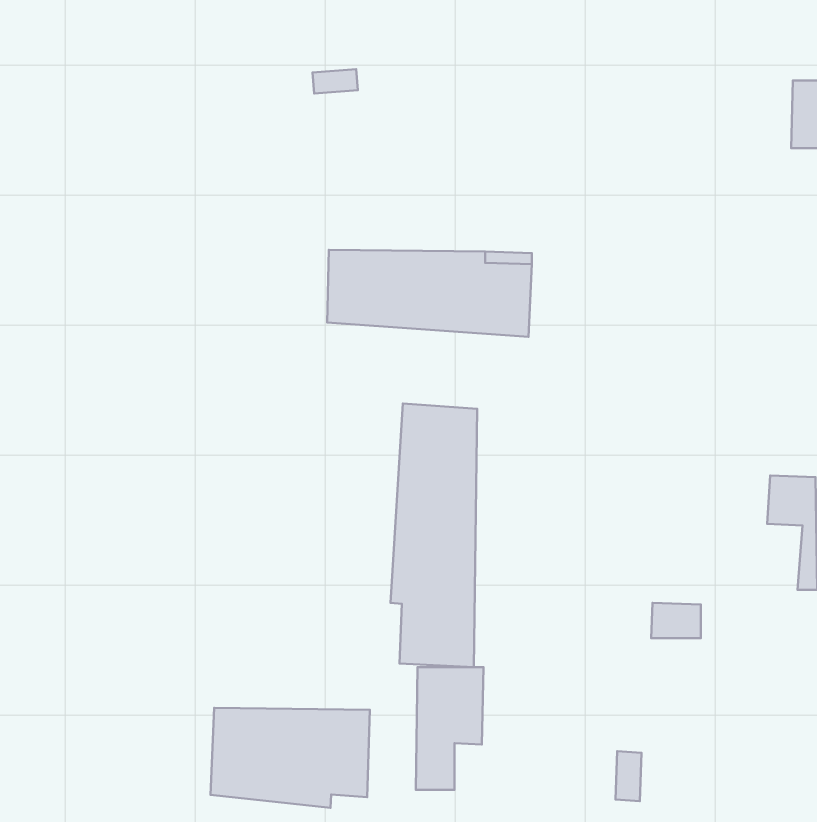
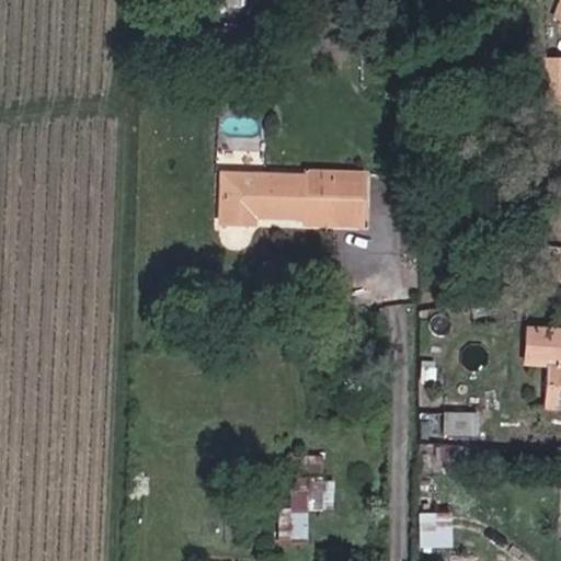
building: [390,403,477,667] -> none
building: [210,708,370,808] -> none

